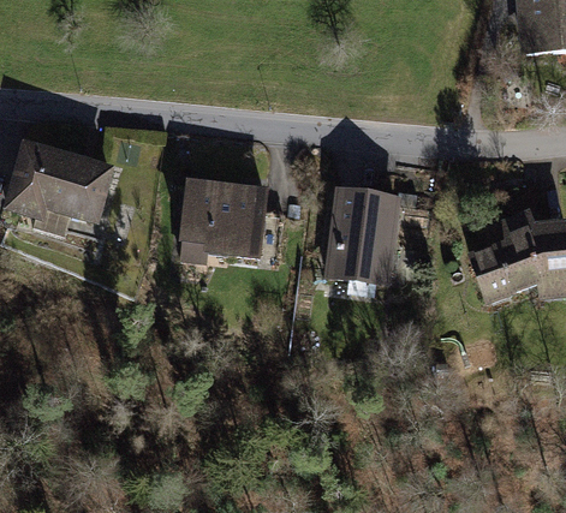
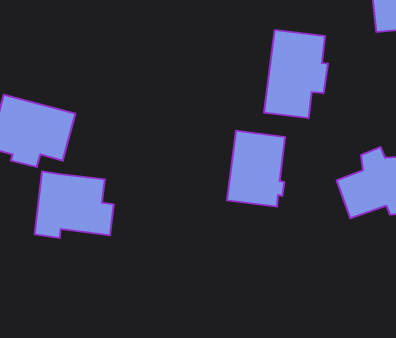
building: none -> [264,30,328,118]
building: [174,177,280,266] -> [35,171,114,238]

